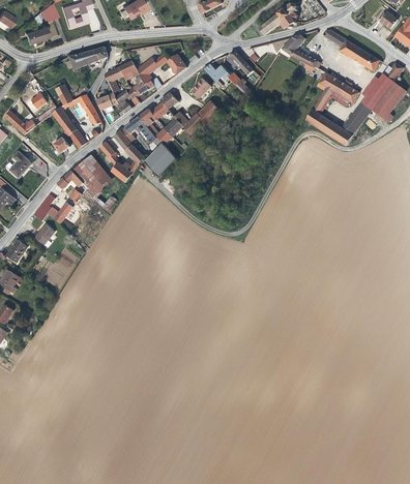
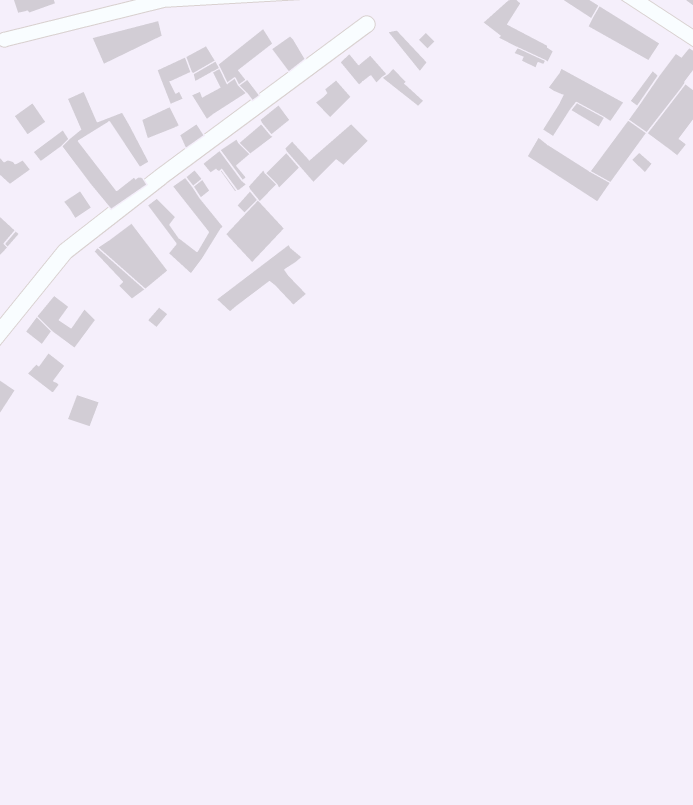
building: none -> [216,244,307,312]
building: [54,172,87,209] -> none

